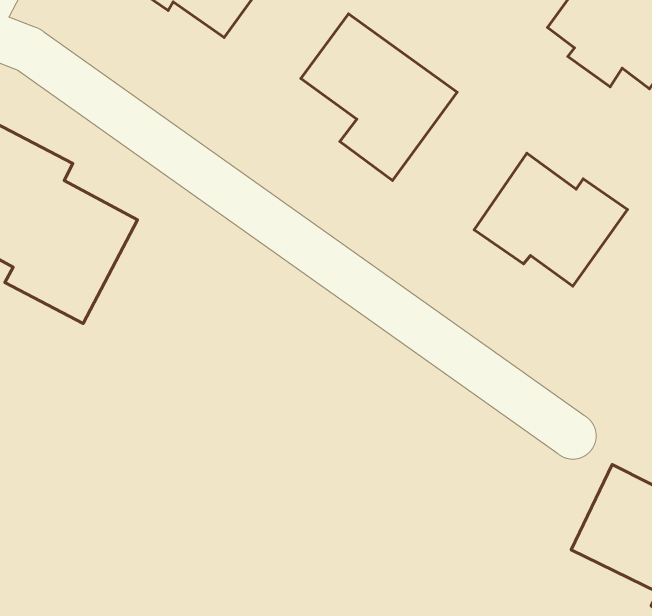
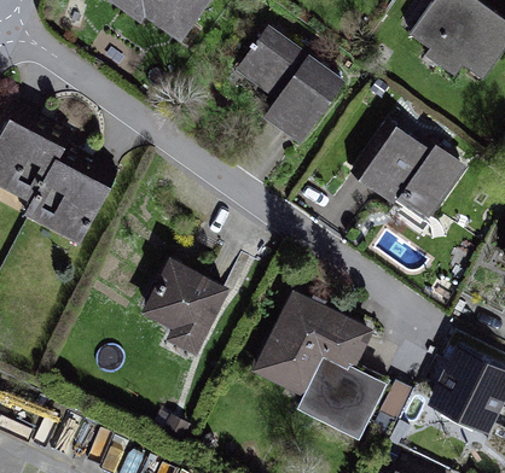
building: none -> [140,256,230,355]
building: none -> [251,290,387,439]

